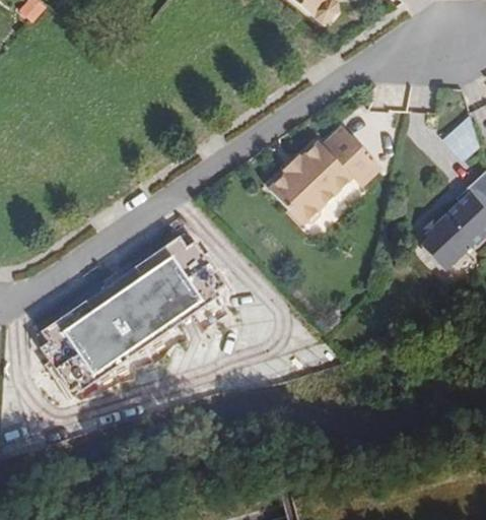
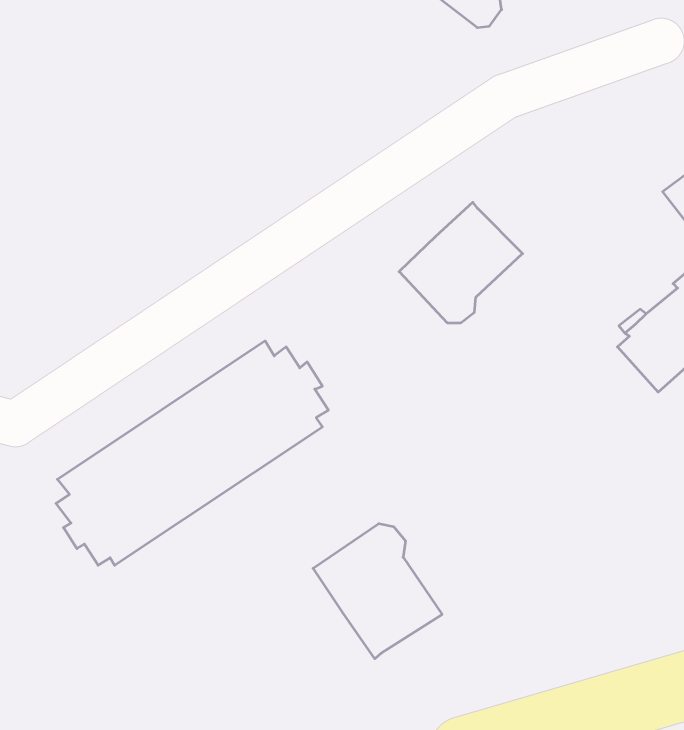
building: [324,126,384,186] -> none
building: none -> [313,524,442,659]

